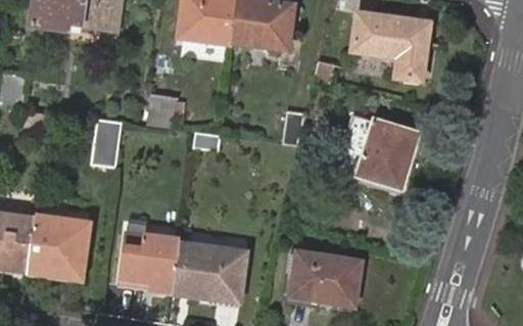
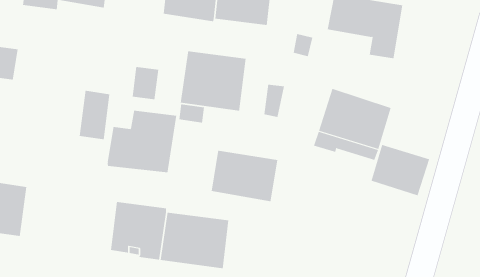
building: none -> [180,51,246,112]
building: none -> [107,110,177,173]
building: none -> [371,144,430,196]
building: [30,217,89,277] -> none
building: [290,252,361,307] -> [211,150,278,202]

